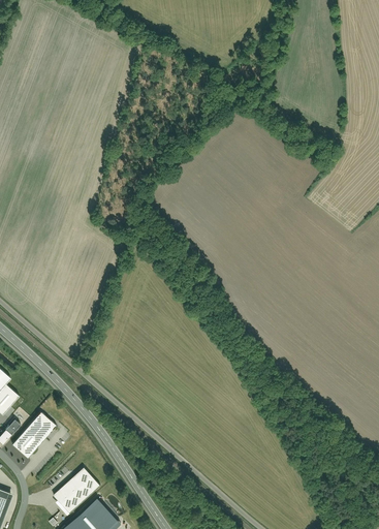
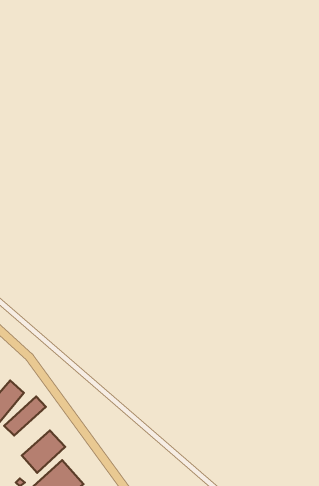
building: none -> [4,396,46,436]

